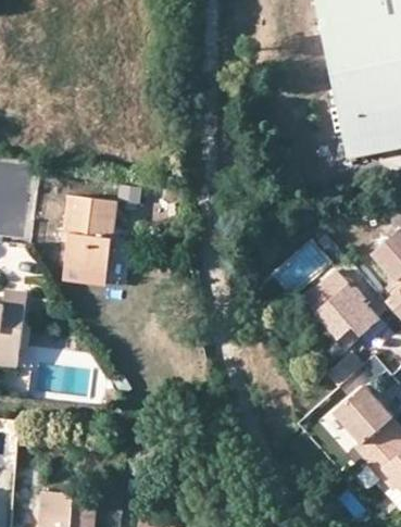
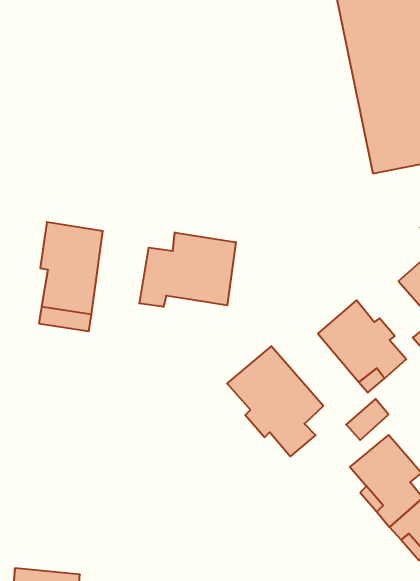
building: none -> [139,232,236,307]
building: none -> [227,346,323,456]

